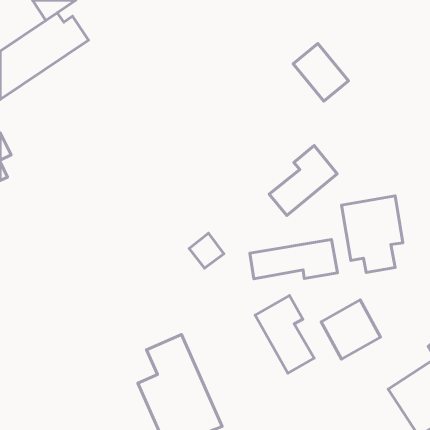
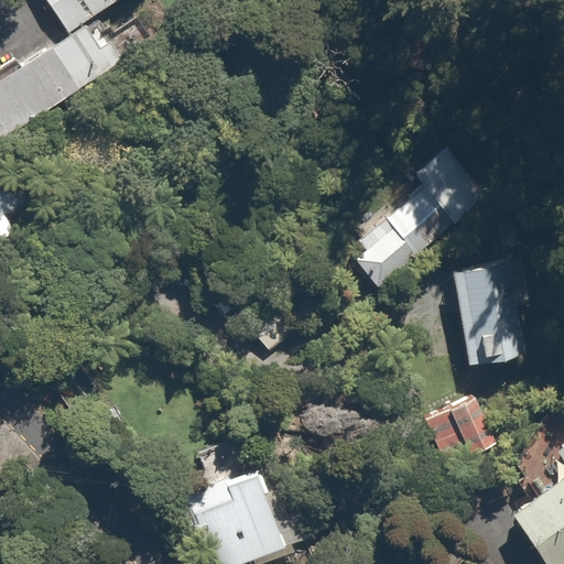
building: [293,43,348,101] -> [415,148,487,223]
building: [250,239,338,279] -> none
building: [255,295,314,373] -> none

